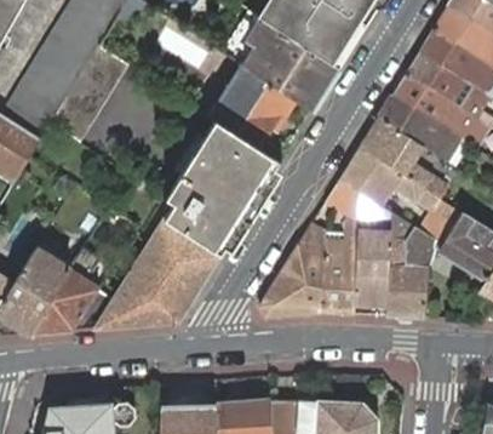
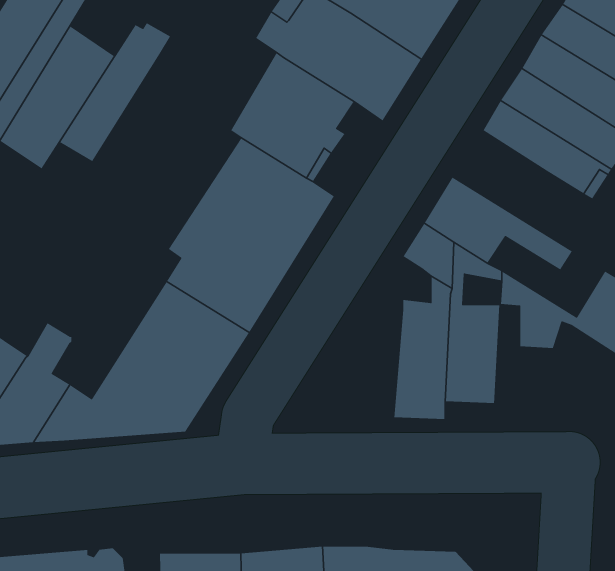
building: none -> [59,22,171,162]
building: [359,115,449,198] -> none
building: [258,223,325,315] -> none
building: [386,234,428,316] -> none

